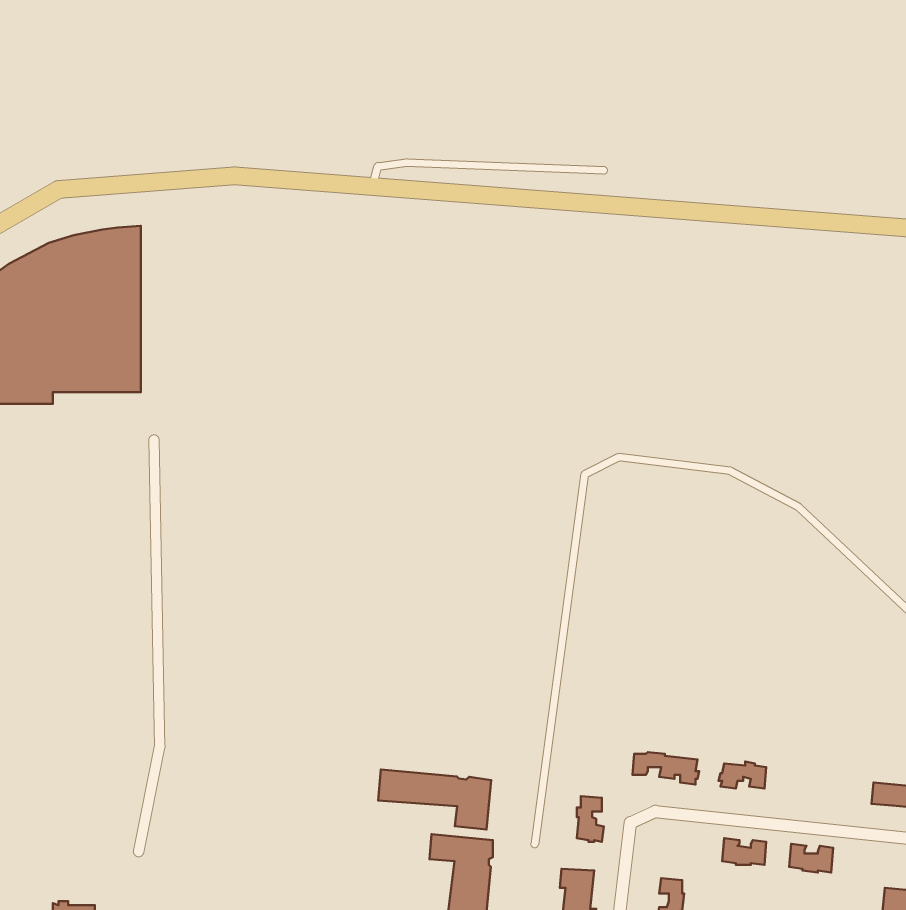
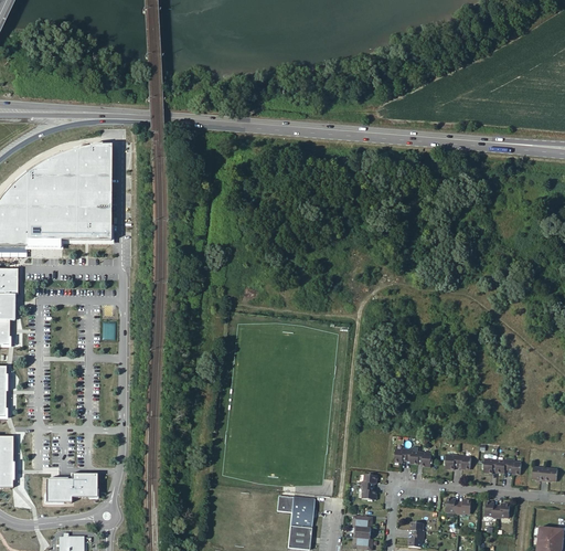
building: none -> [482,458,521,475]
building: [378,770,491,829] -> none
building: none -> [45,474,97,502]

